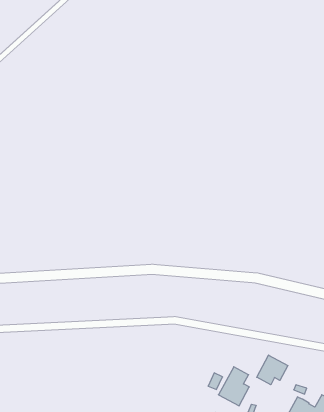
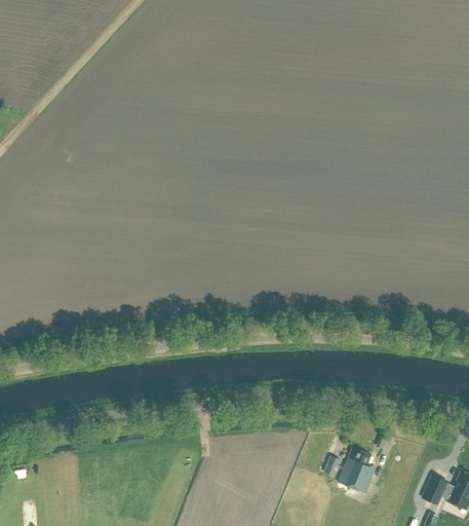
building: [257,355,288,385] -> none

